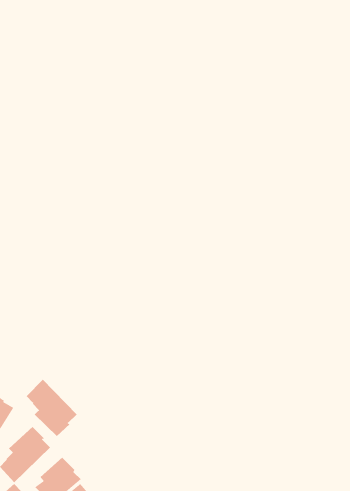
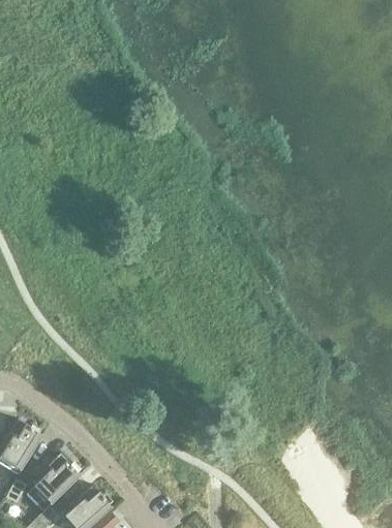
building: [26,379,77,437] -> none

